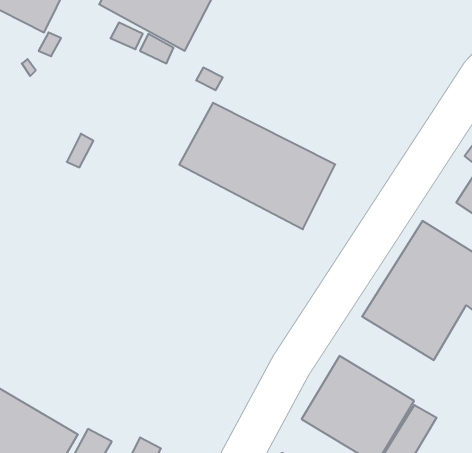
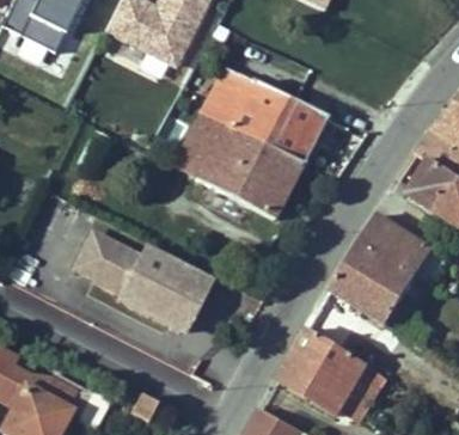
building: none -> [200,66,325,164]
building: none -> [69,227,214,336]

